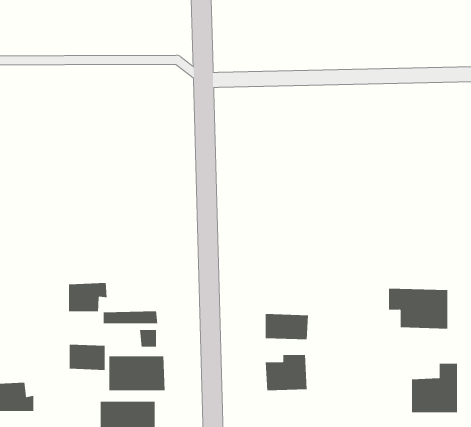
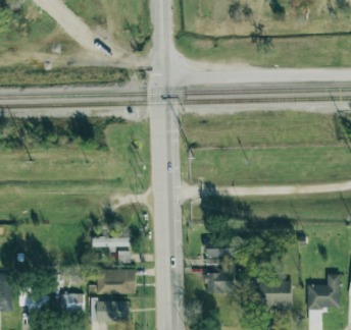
building: [68,282,107,312] -> none
building: [388,288,448,329] -> [250,279,292,308]
building: [69,344,105,370] -> [58,293,84,312]

